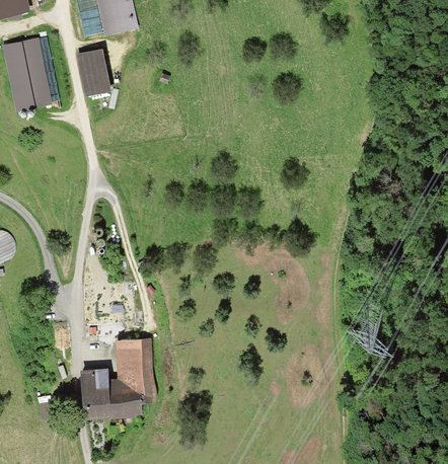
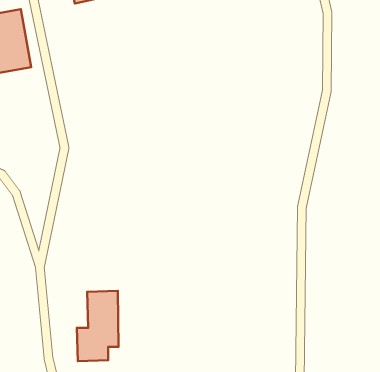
building: [76,50,106,93] -> none
building: [84,370,108,414] -> none

